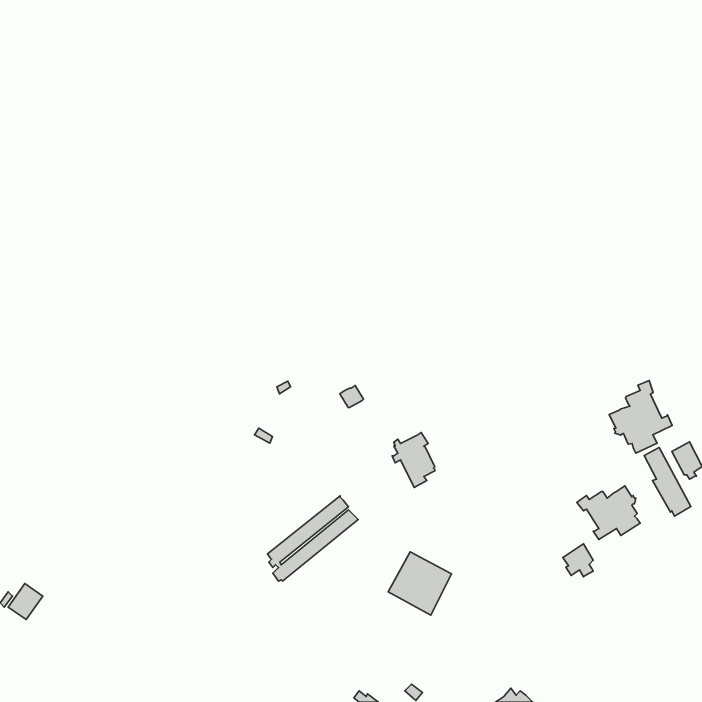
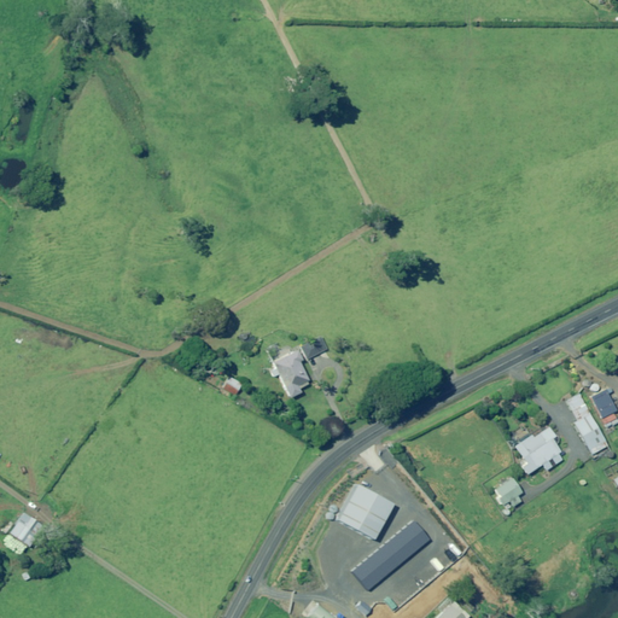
building: [609,381,672,453] -> none
building: [392,432,435,487] -> [270,349,308,397]
building: [267,496,358,581] -> [352,519,432,594]

